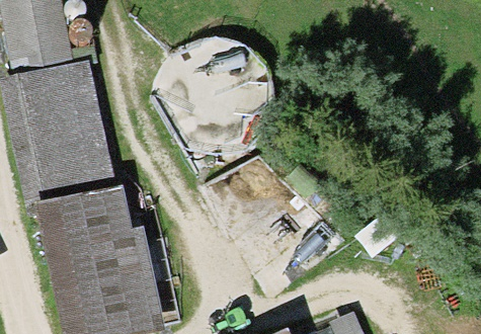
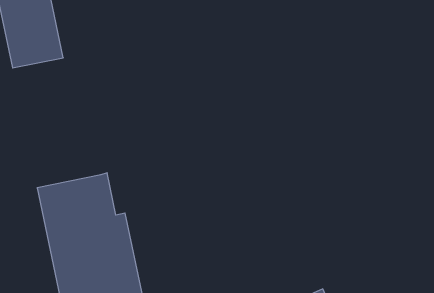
building: [18,65,113,208] -> none

